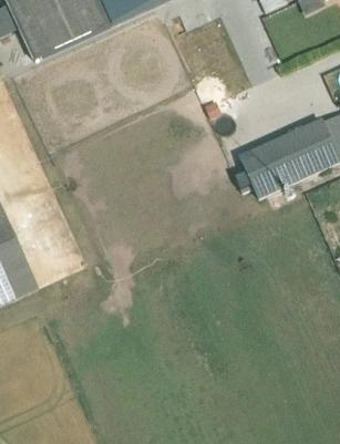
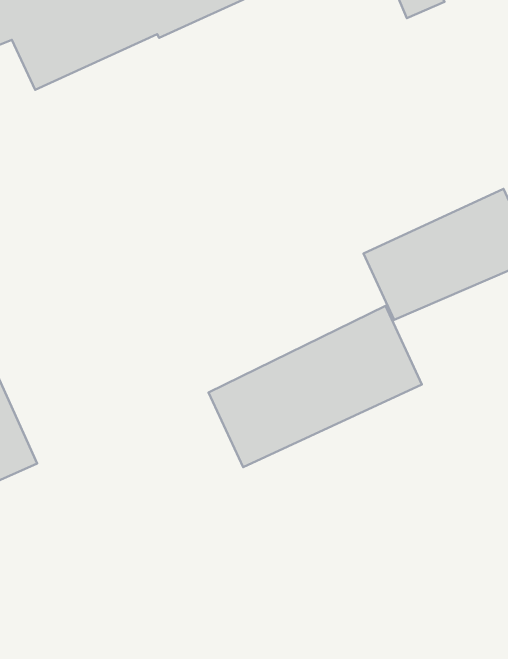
building: none -> [209,306,422,467]

